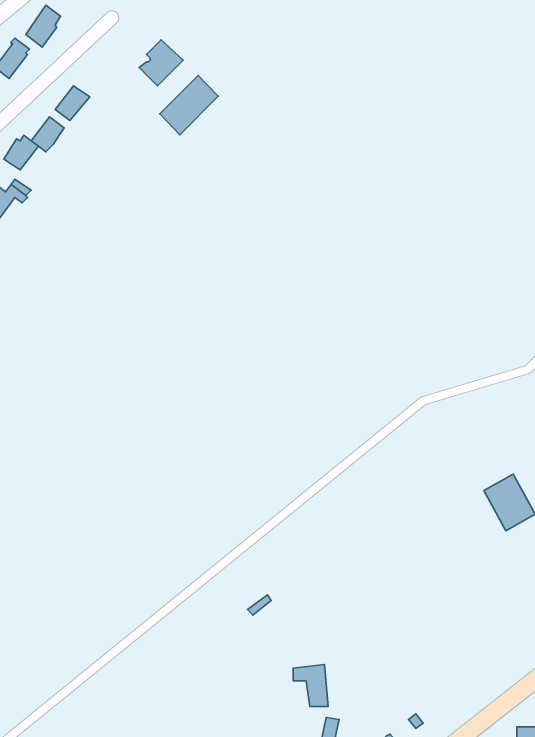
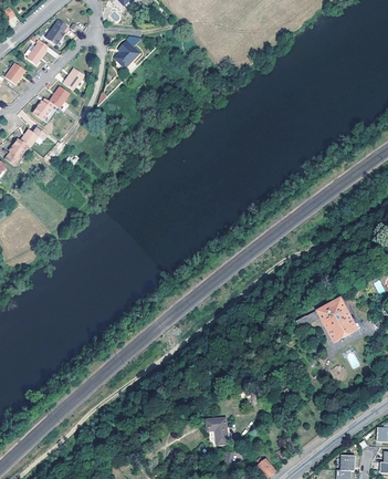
building: [160,76,218,135] -> none

